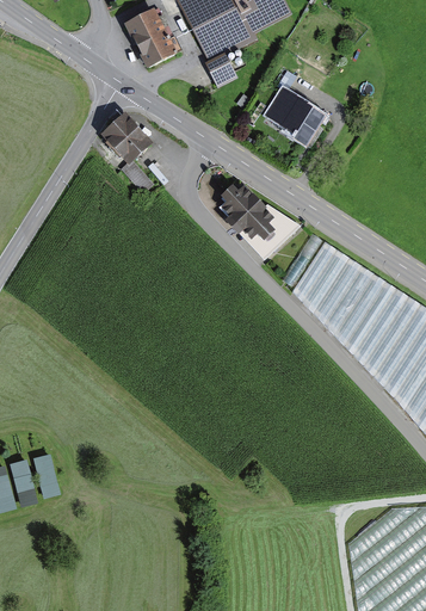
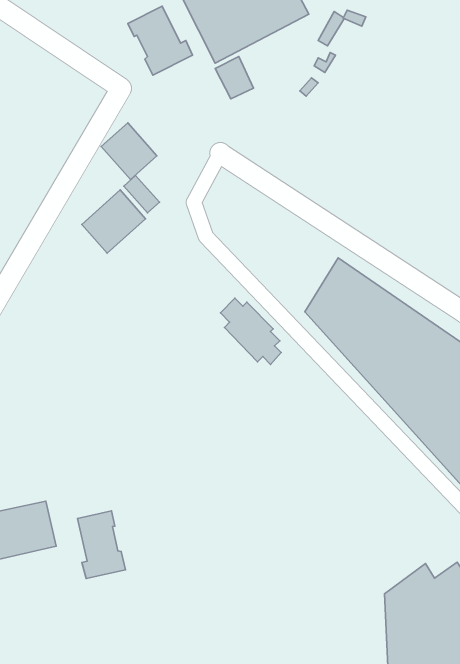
building: [265,91,320,146] -> none
building: none -> [82,190,146,253]
building: [218,183,273,242] -> [220,298,281,365]
building: none -> [77,511,125,579]

